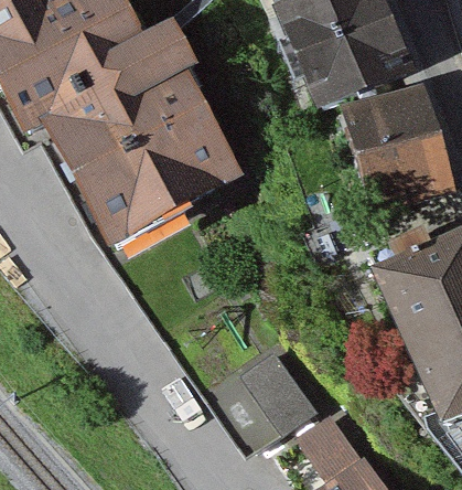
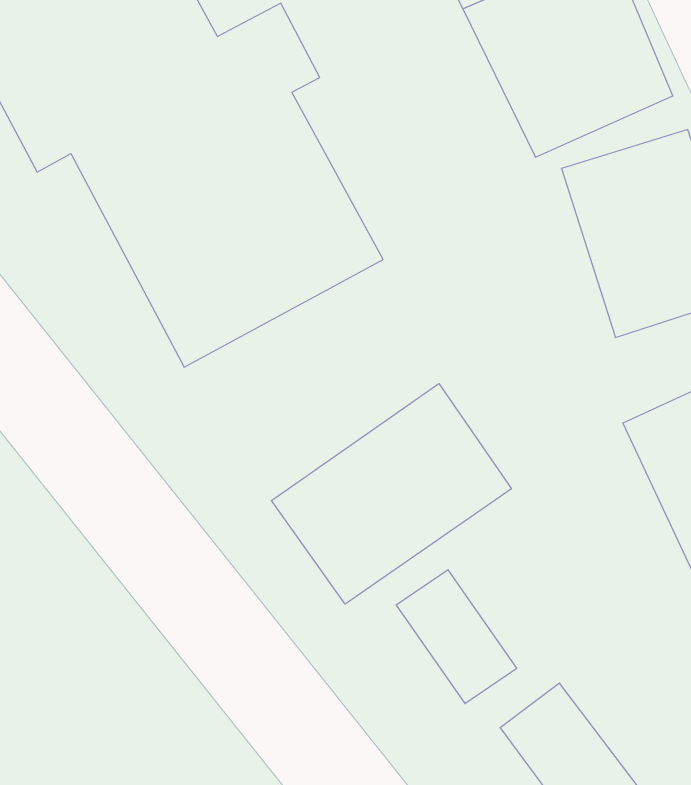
building: none -> [271,384,511,604]

